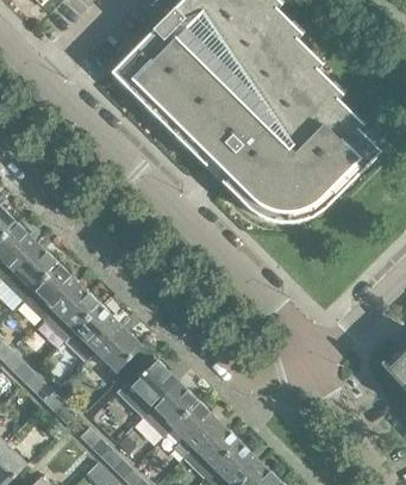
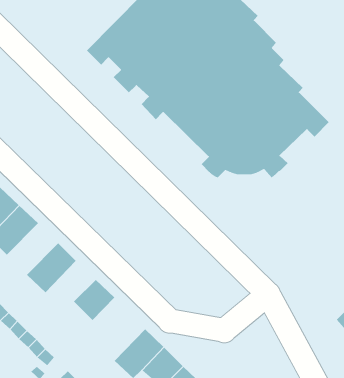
building: [23,265,80,322] -> none
building: [65,306,121,362] -> none
building: [117,361,176,417] -> none

